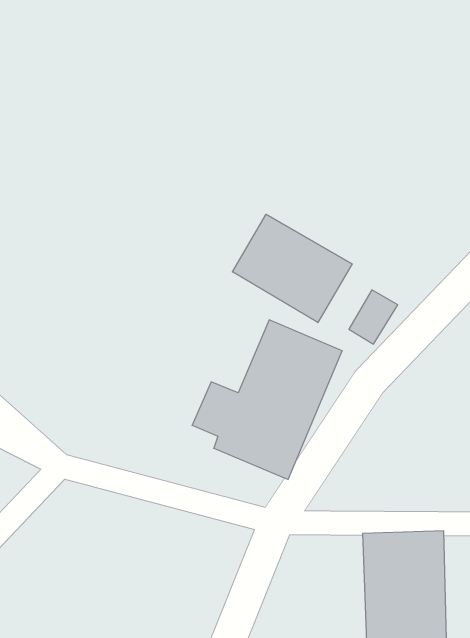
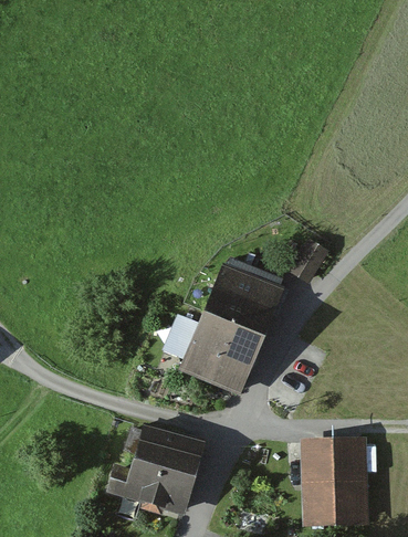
building: [232,214,352,323] -> none
building: none -> [106,421,205,513]

